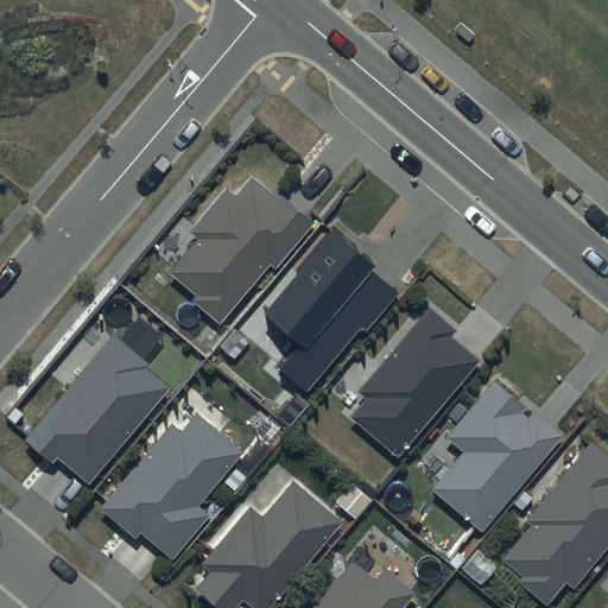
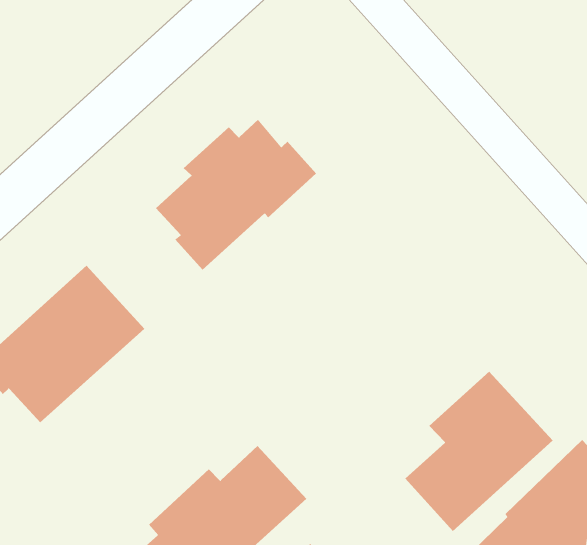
building: [271,227,392,386] -> none
building: [352,309,479,457] -> none
building: [101,414,245,559] -> none

